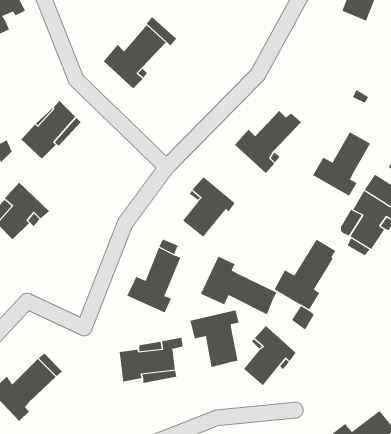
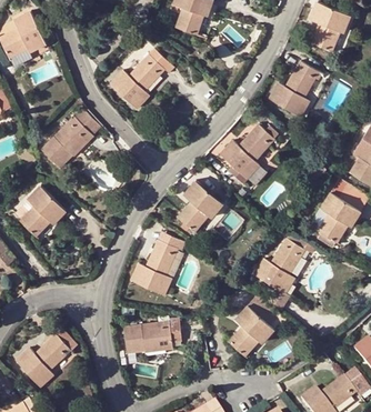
building: [312,131,371,196] -> [269,61,318,115]
building: [200,256,277,315] -> none
building: [190,309,239,368] -> none

